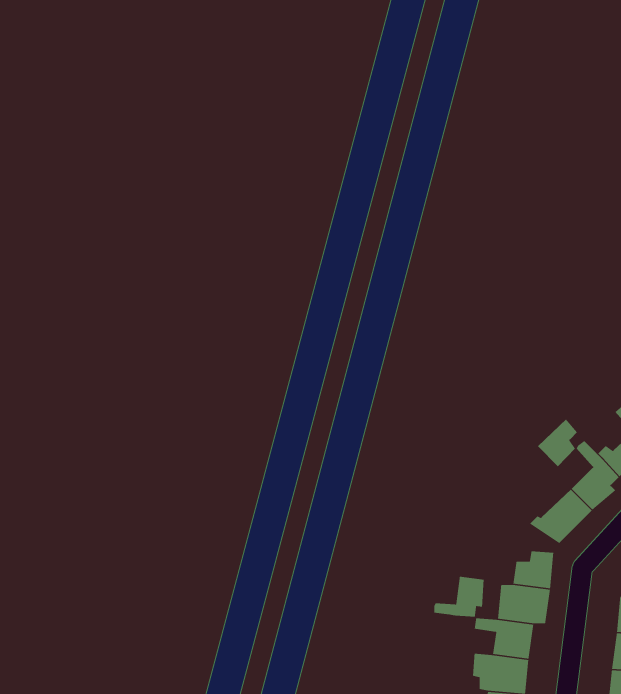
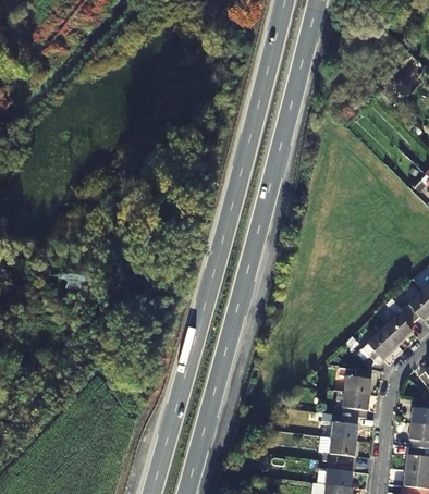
building: [537,419,578,467] -> none
building: [434,576,485,618] -> none

